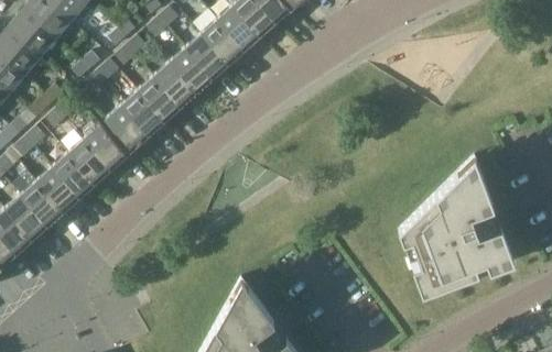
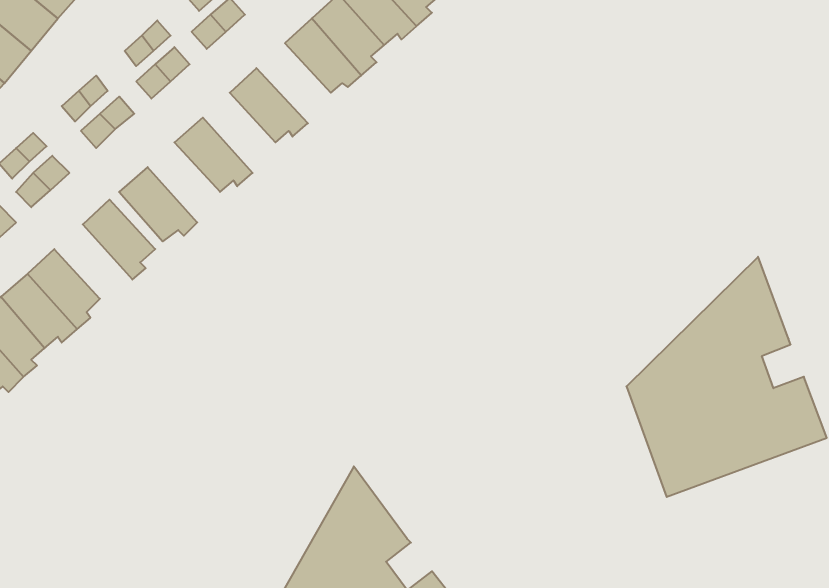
building: [185,32,228,78] -> none
building: [154,61,196,107] -> none
building: [122,89,164,135] -> none
building: [68,136,113,179] -> none

